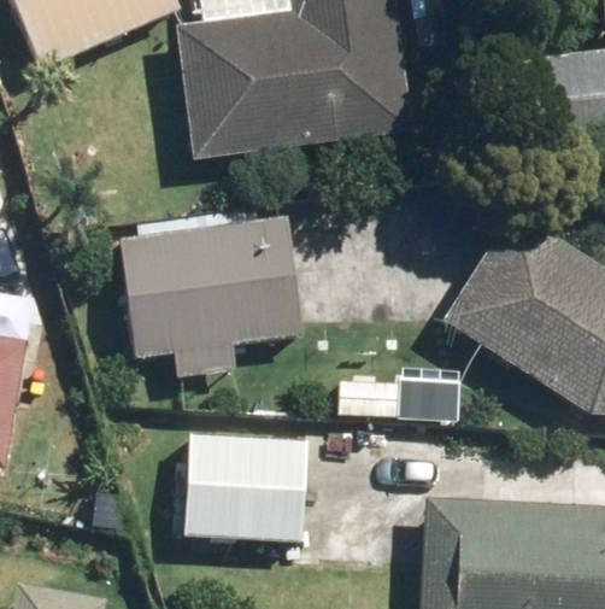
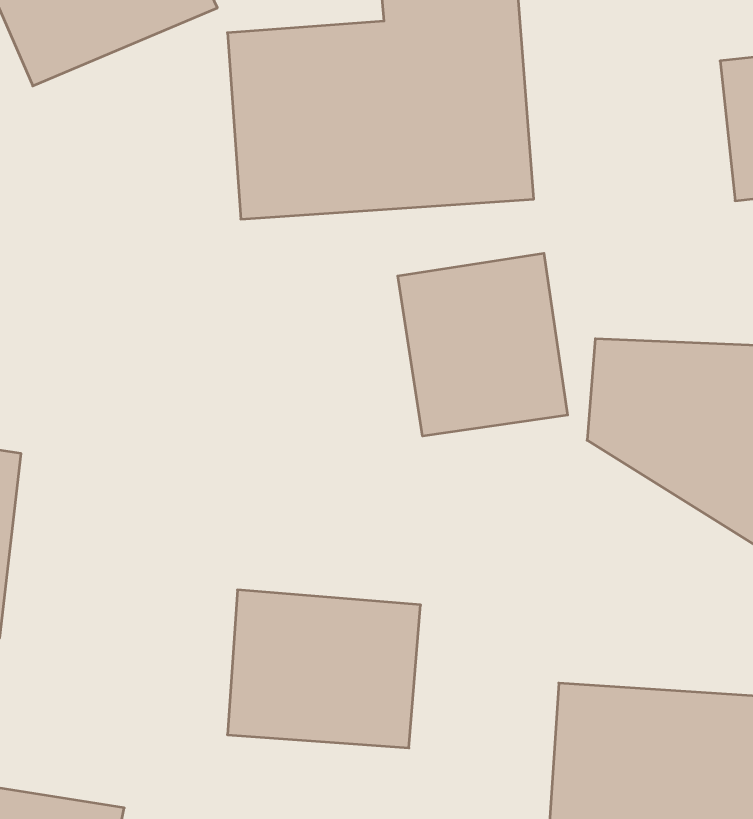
building: none -> [398,253,568,436]
building: [117,206,307,377] -> none

